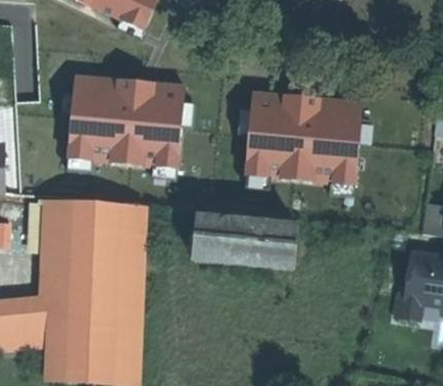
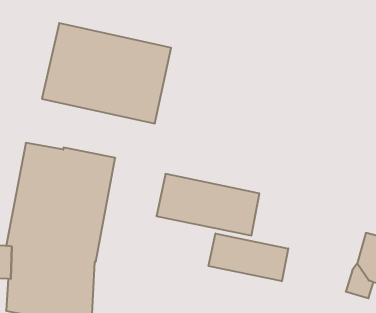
building: [239,92,364,180] -> none
building: none -> [208,233,288,281]

